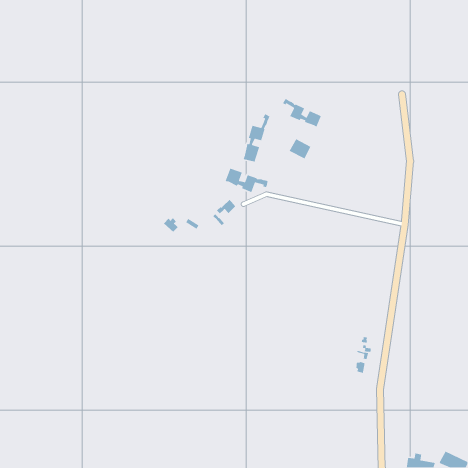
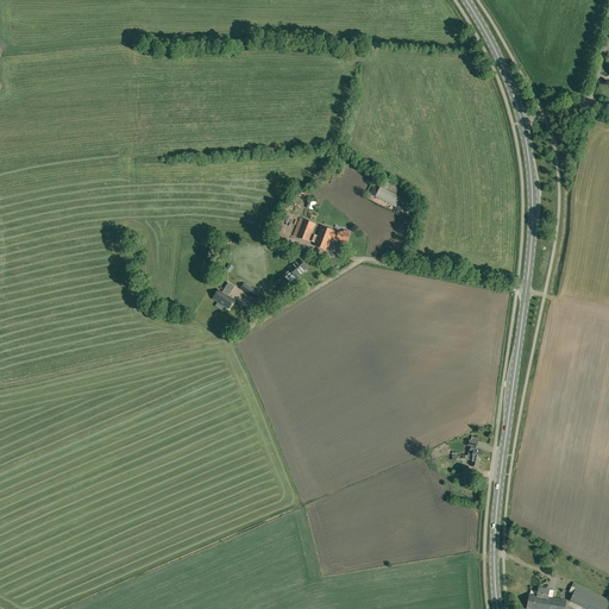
building: [282,98,322,128] -> none
building: [243,114,271,163] -> none

